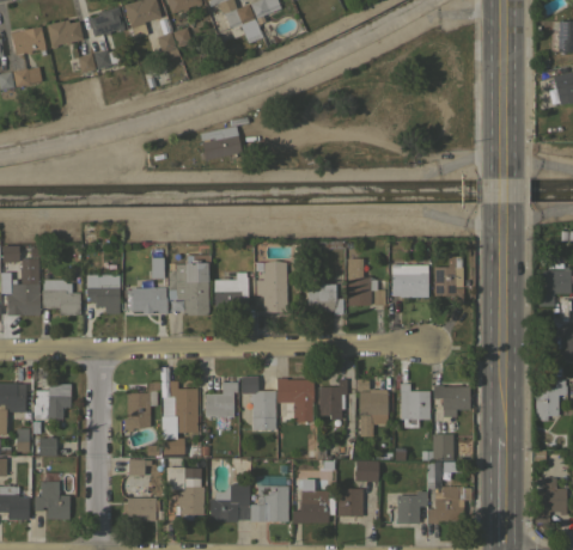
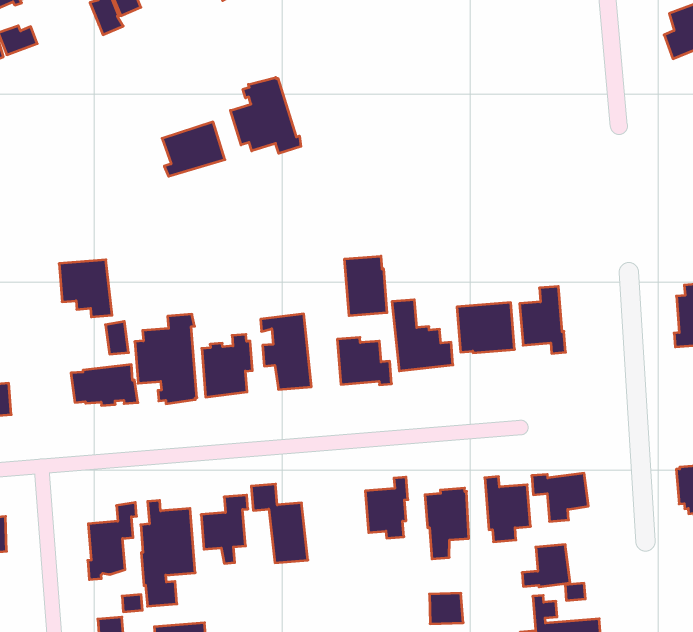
building: none -> [230,77,301,153]
building: none -> [345,256,387,316]
building: [86,275,120,313] -> [59,260,112,317]
building: [276,378,313,422] -> none

